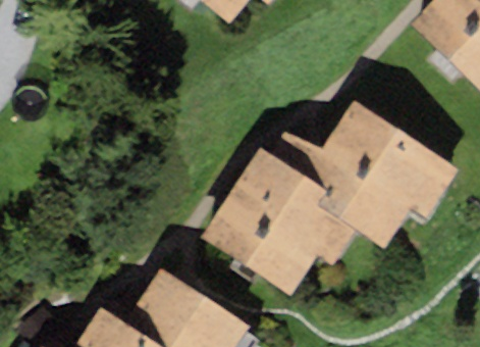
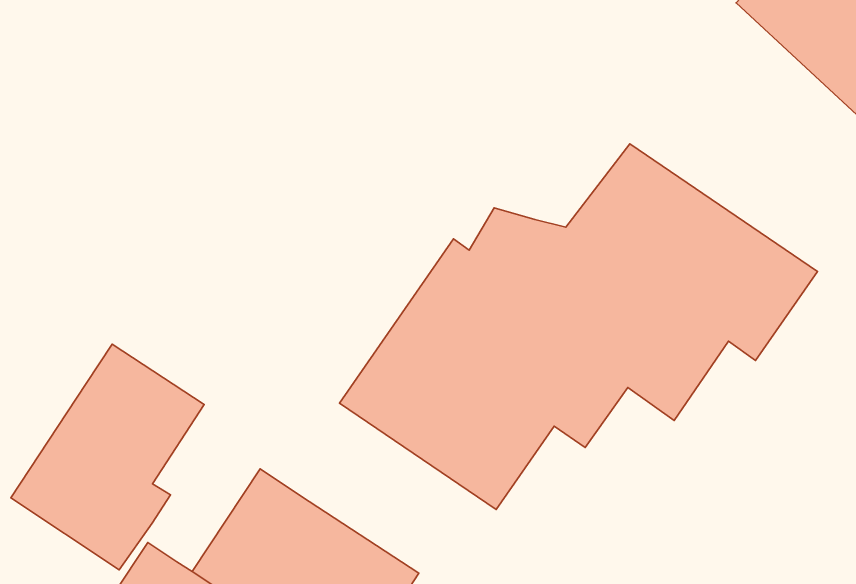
building: none -> [11,344,204,570]

